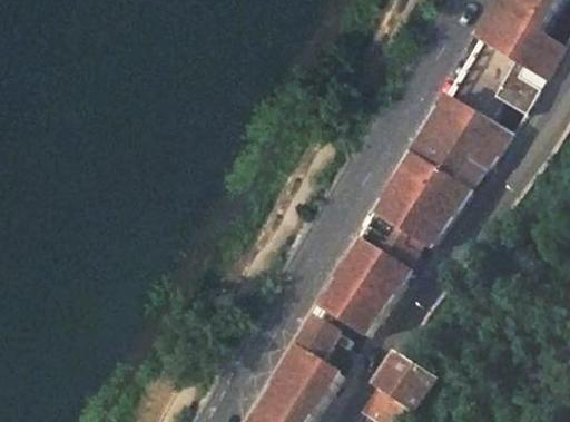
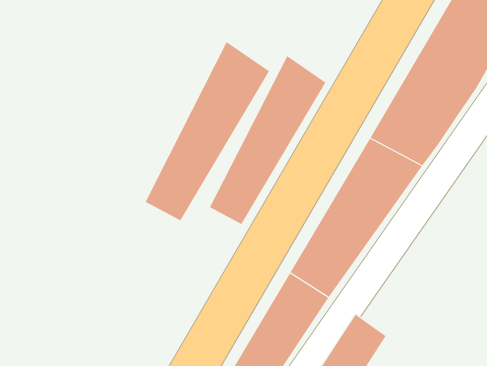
building: none -> [145,41,270,221]
building: none -> [209,55,326,225]

